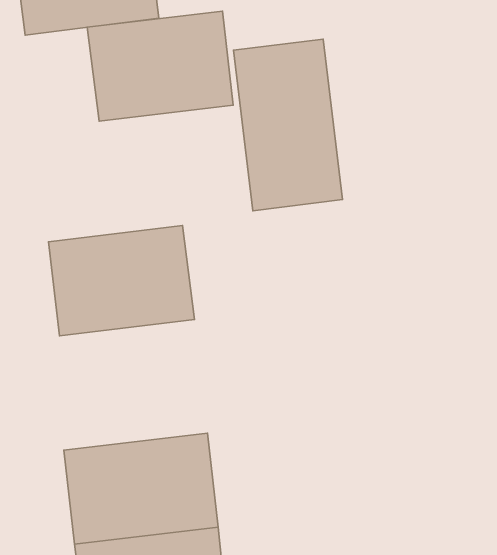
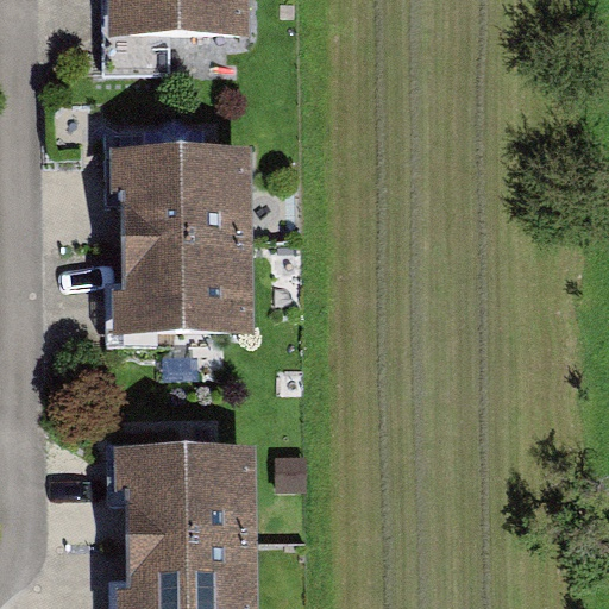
building: [87,11,233,121] -> [117,145,251,240]
building: [234,39,342,211] -> none

